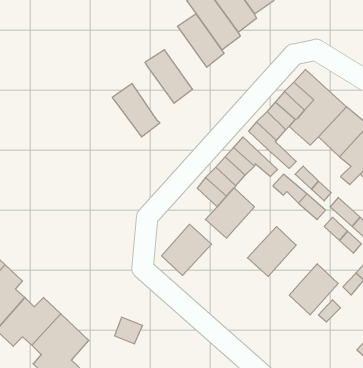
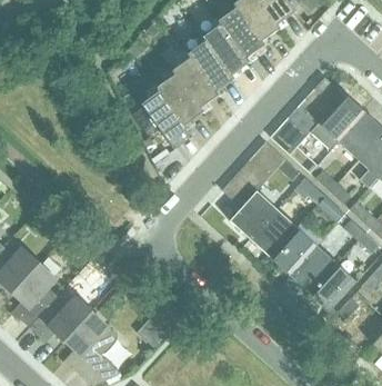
building: none -> [188,41,233,92]
building: none -> [157,75,202,127]
building: [162,224,212,275] -> [250,209,298,258]
building: none -> [290,246,336,294]

